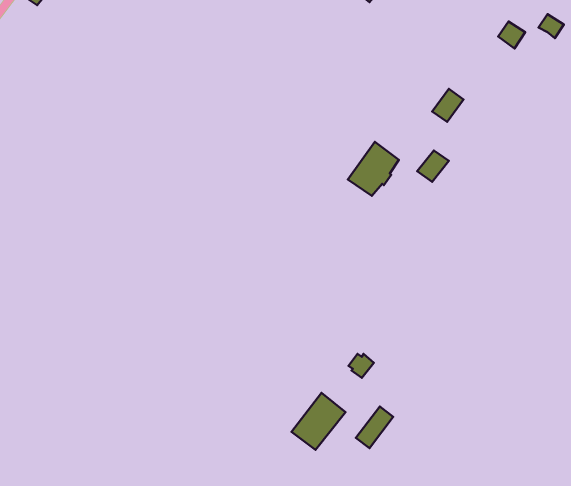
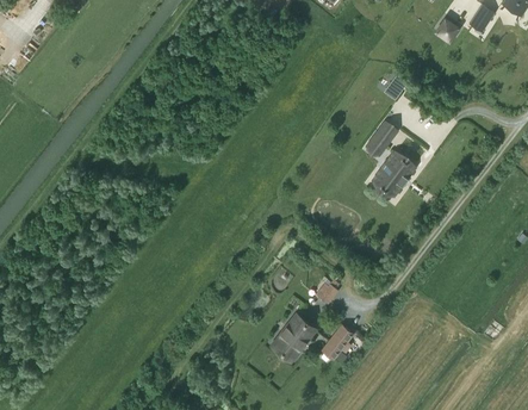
building: [348,142,399,196] -> [373,151,414,194]

